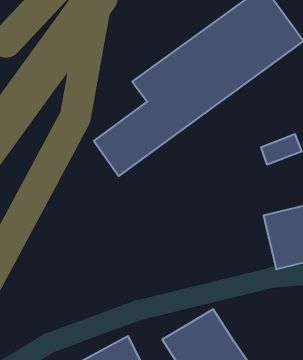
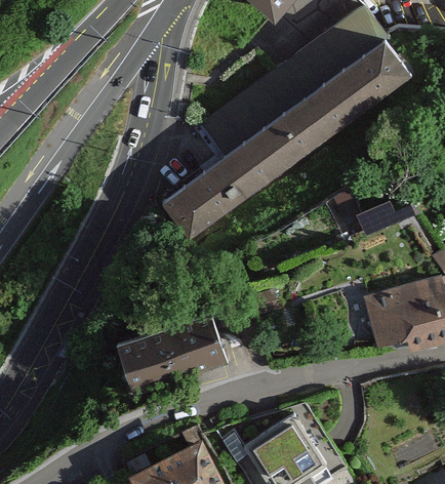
building: none -> [113,316,225,397]

